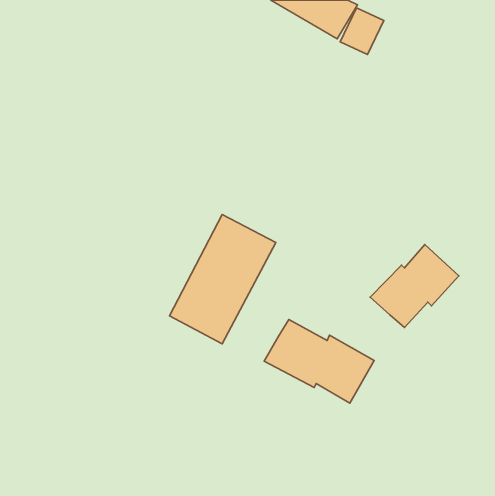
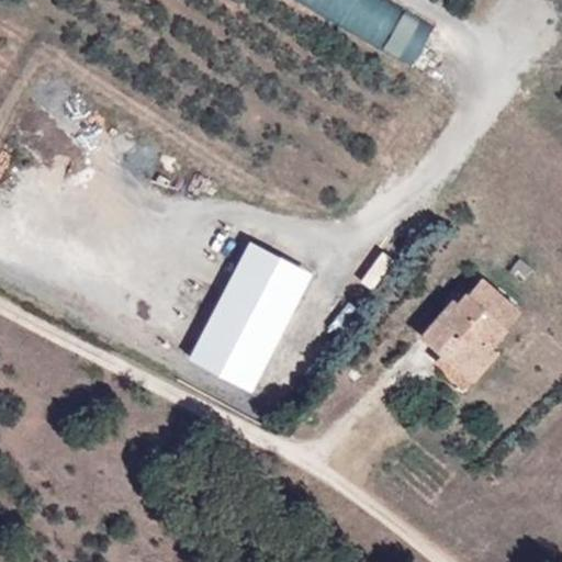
building: none -> [434,342,494,389]
building: [264,319,374,403] -> none

